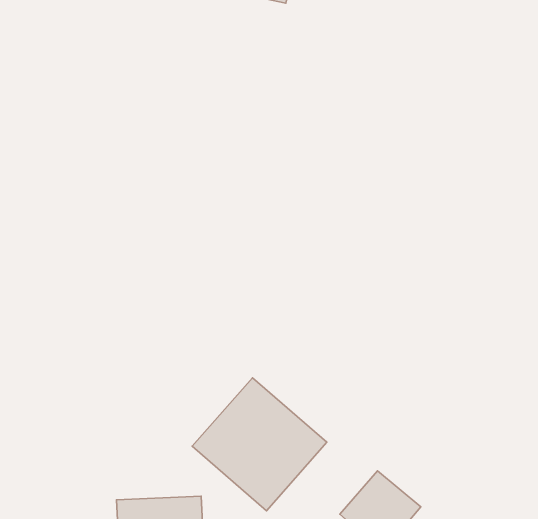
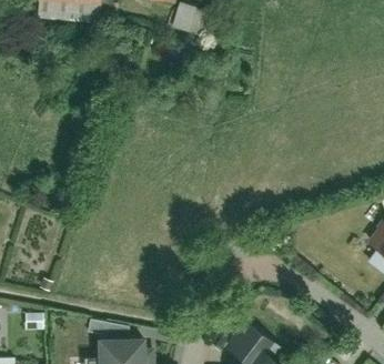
building: [192,378,327,511] -> none

